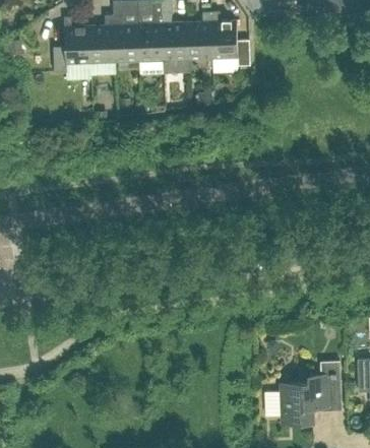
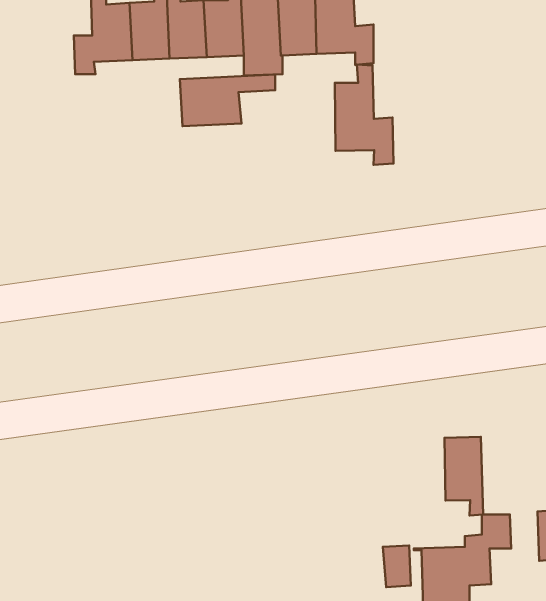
building: none -> [335,65,394,165]
building: none -> [180,74,275,126]
building: none -> [444,437,483,515]

